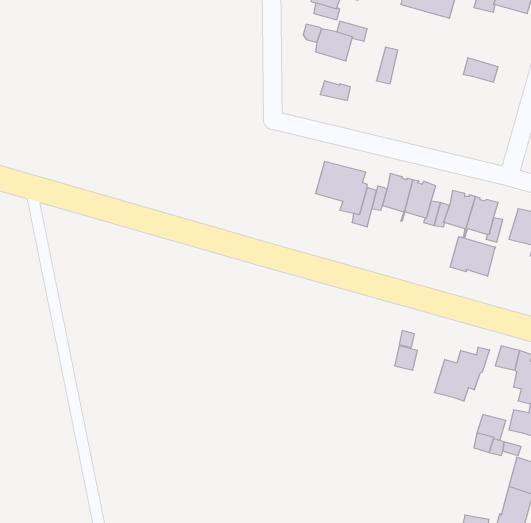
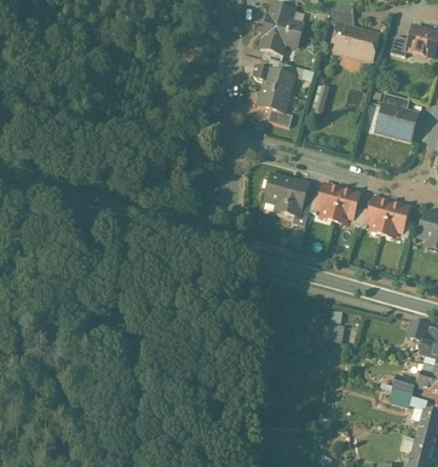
building: none -> [257,88,287,115]
building: none -> [381,108,415,142]
building: [450,236,495,276] -> none
building: [434,347,490,401] -> none

